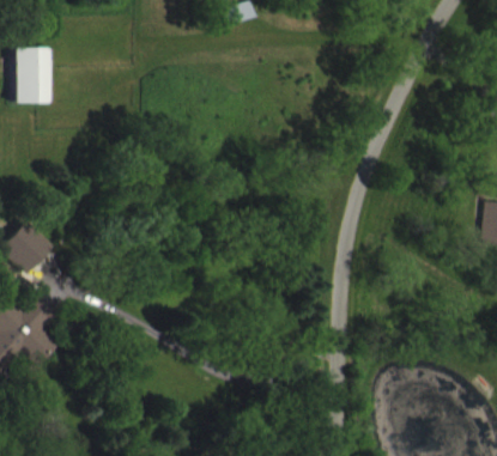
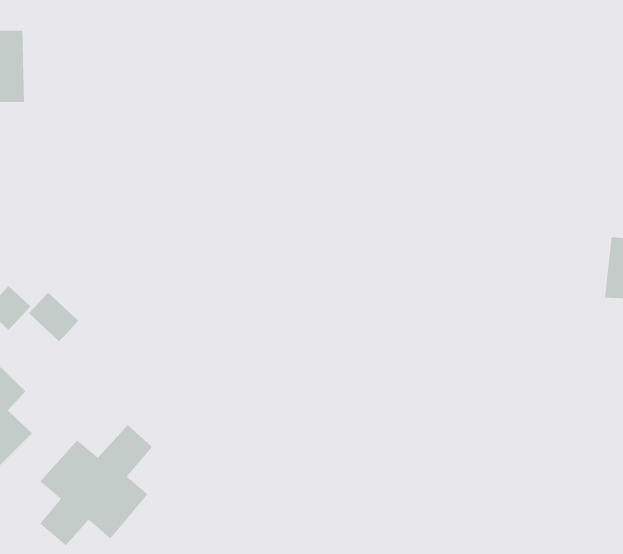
building: none -> [28,292,79,342]
building: none -> [39,424,153,546]

